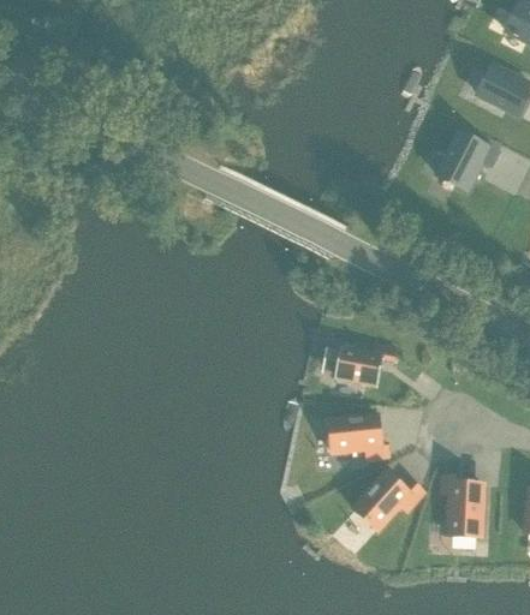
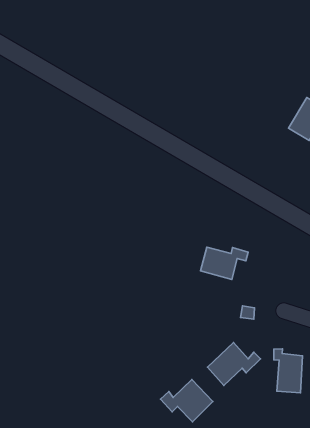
building: [329,413,389,456] -> none
building: none -> [161,379,213,422]

